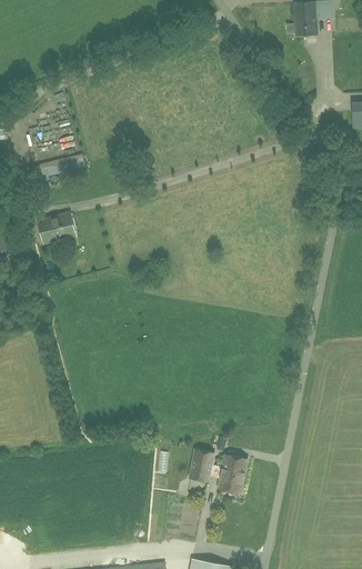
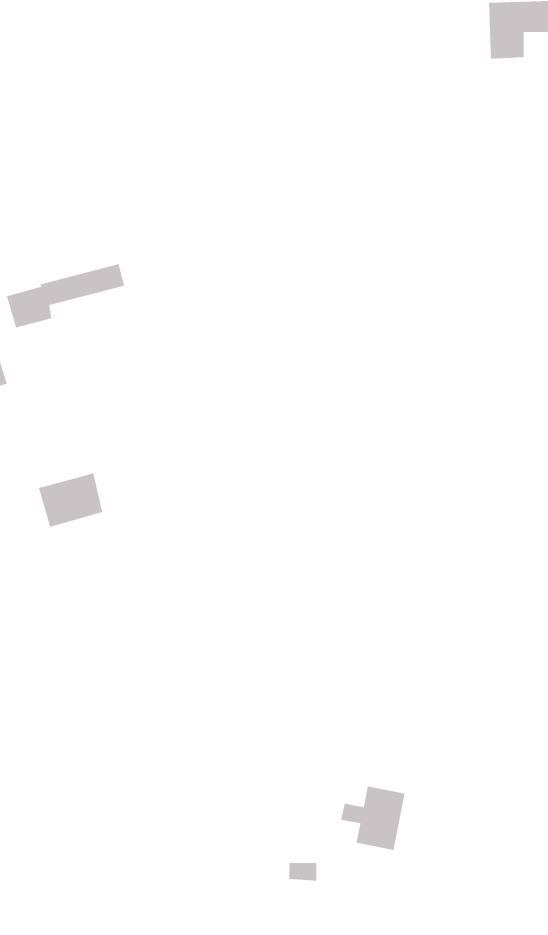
building: [37,212,74,244] -> [38,472,103,528]
building: [189,450,213,481] -> none

